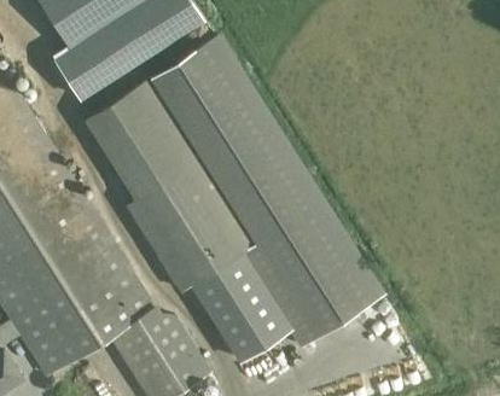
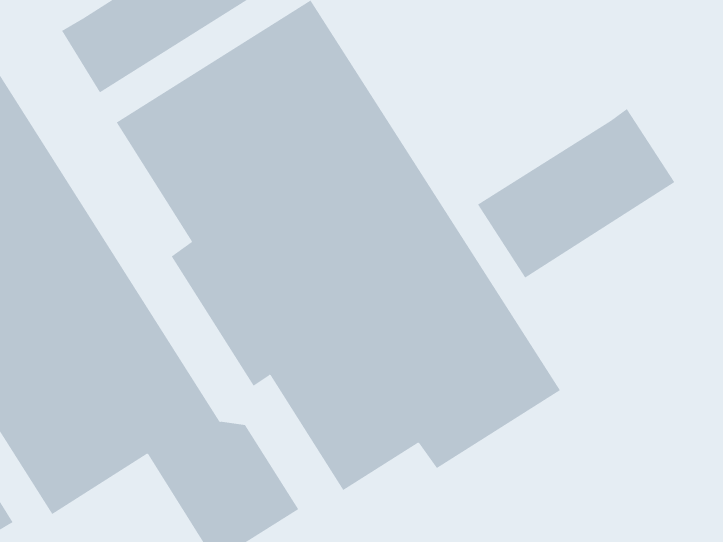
building: none -> [477,108,675,278]

